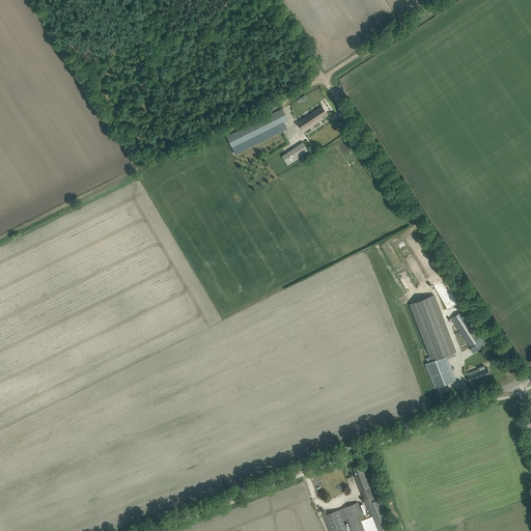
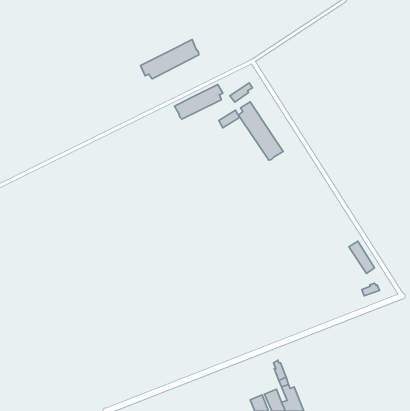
building: none -> [140,40,199,79]
building: none -> [239,102,283,160]
building: [409,295,455,388] -> none

